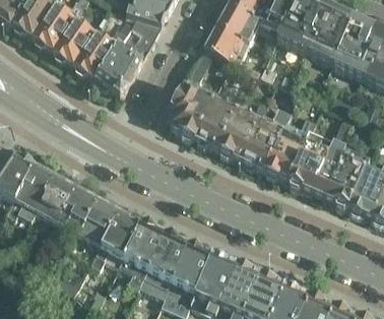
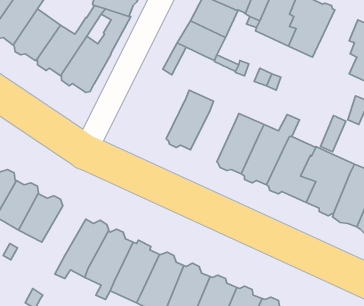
building: [329,19,371,78] -> none
building: [167,79,216,139] -> none
building: [216,92,269,160] -> none
building: [79,200,120,246] -> none

